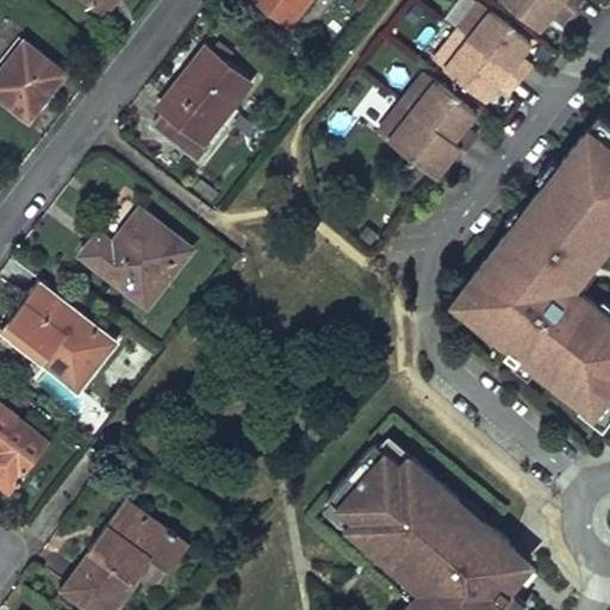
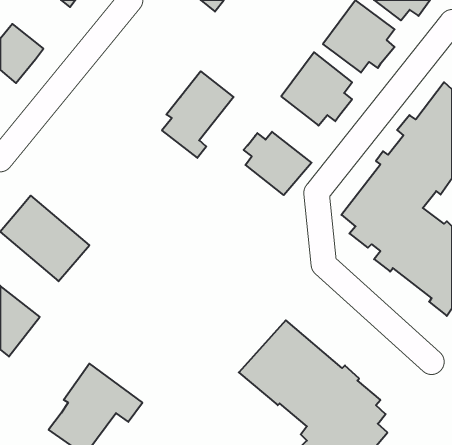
building: [154,50,250,167] -> [162,71,234,158]
building: none -> [244,132,312,195]
building: [83,194,189,300] -> none

